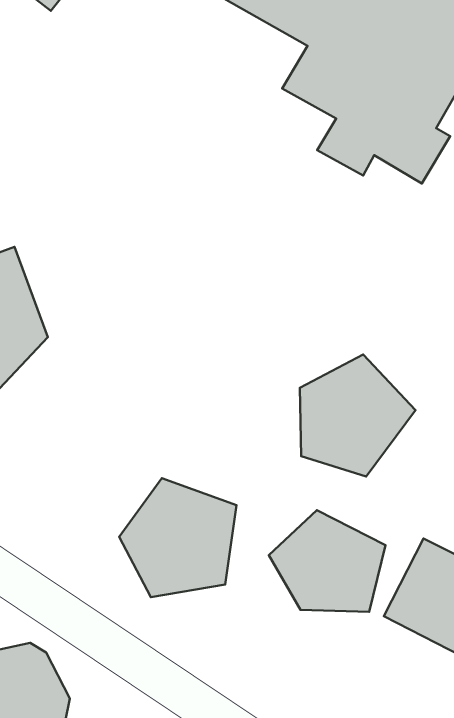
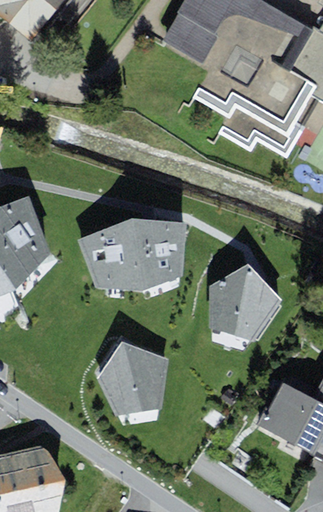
building: none -> [76,219,185,291]
building: [269,510,385,612] -> none

